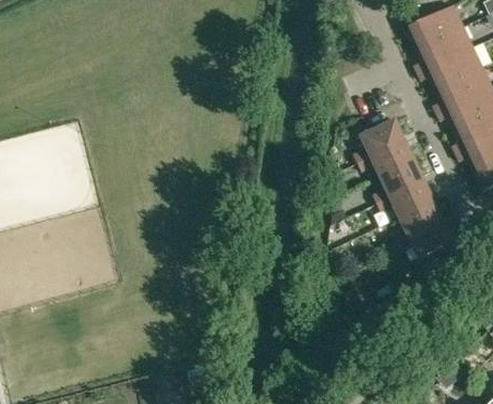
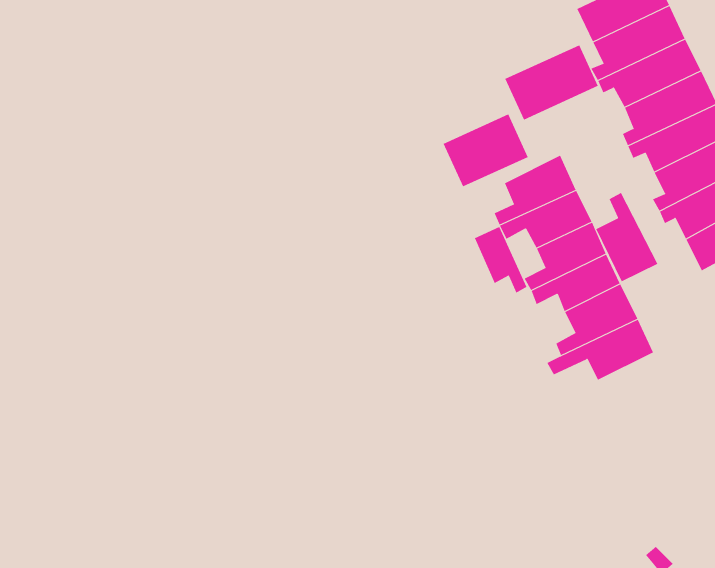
building: none -> [505,44,599,120]
building: none -> [443,114,528,187]
building: none -> [595,192,658,282]
building: none -> [474,226,527,293]

